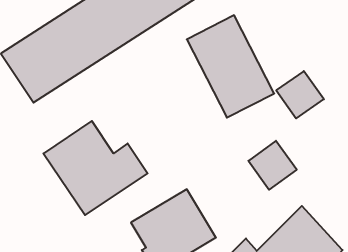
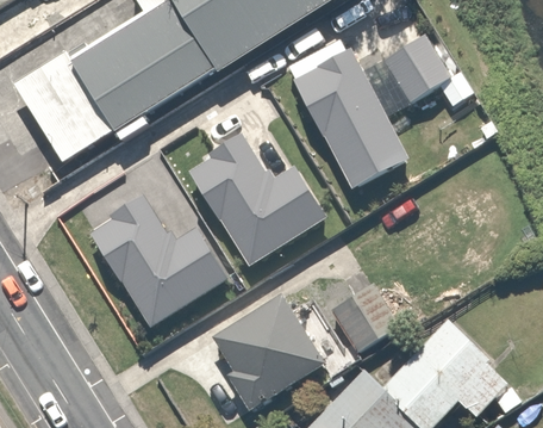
building: [276,71,324,118] -> [382,32,450,100]
building: none -> [179,138,333,269]
building: [248,141,297,190] -> [324,281,393,352]

